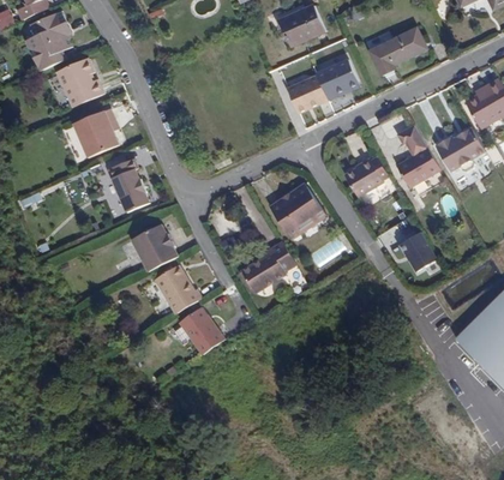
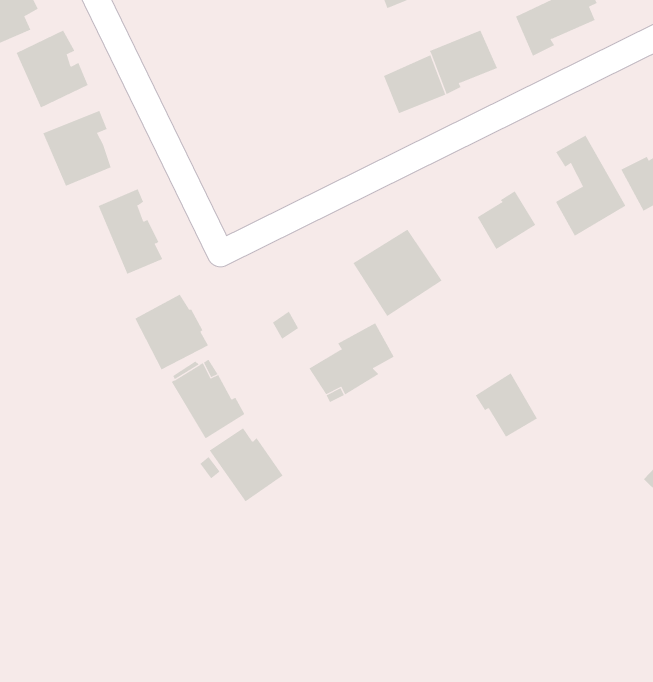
building: [397,229,437,270] -> [475,373,538,438]

